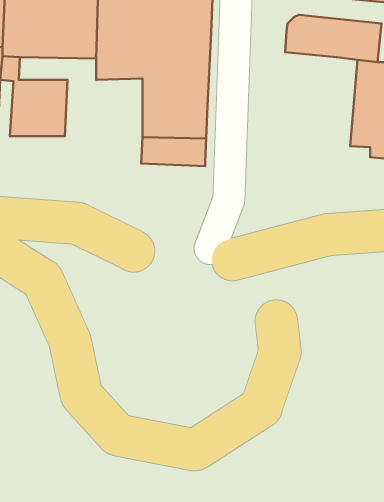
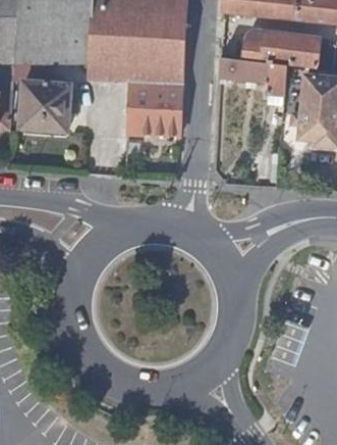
building: none -> [219,59,286,97]

